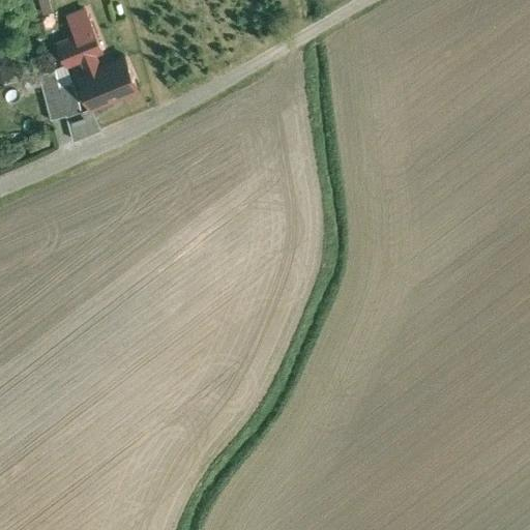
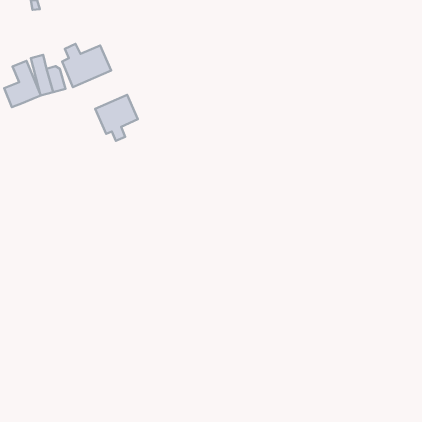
building: [57,10,102,68] -> [4,61,41,107]
building: none -> [95,95,138,141]

